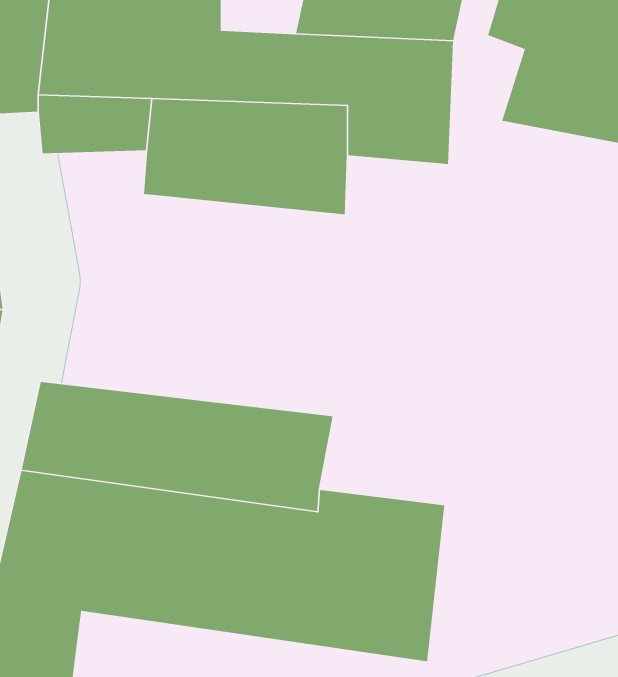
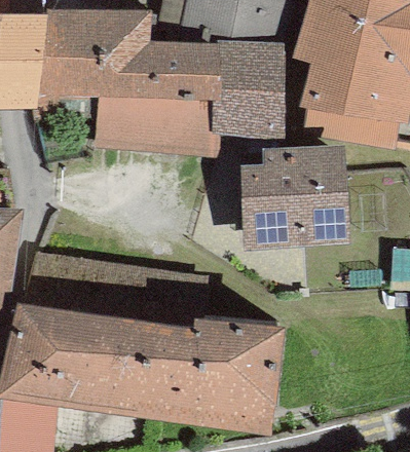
building: none -> [241,152,342,239]

